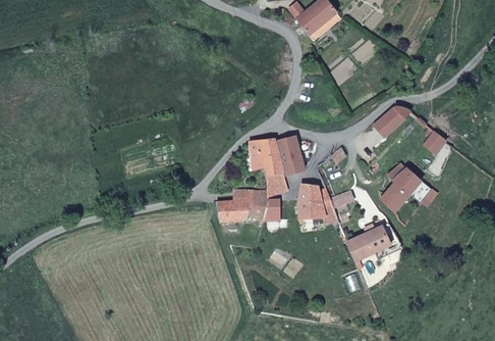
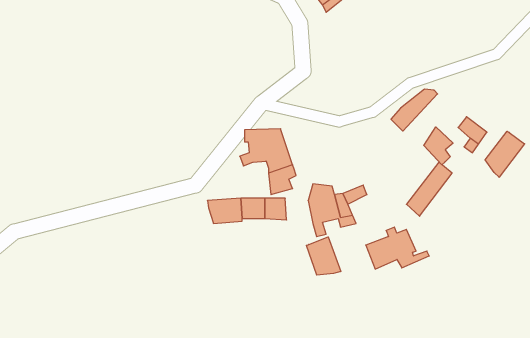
building: [275,134,307,174] -> none
building: none -> [424,127,453,165]
building: none -> [485,131,525,177]
building: none -> [306,237,341,275]

